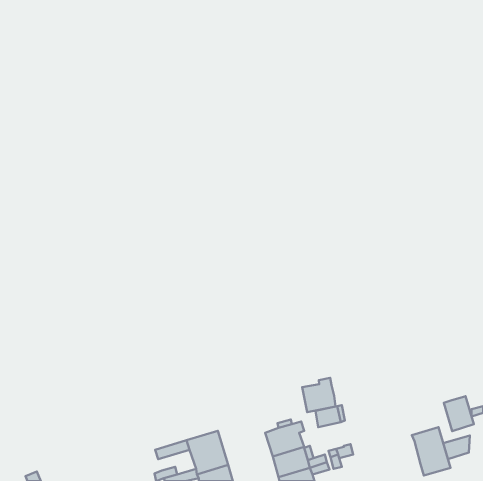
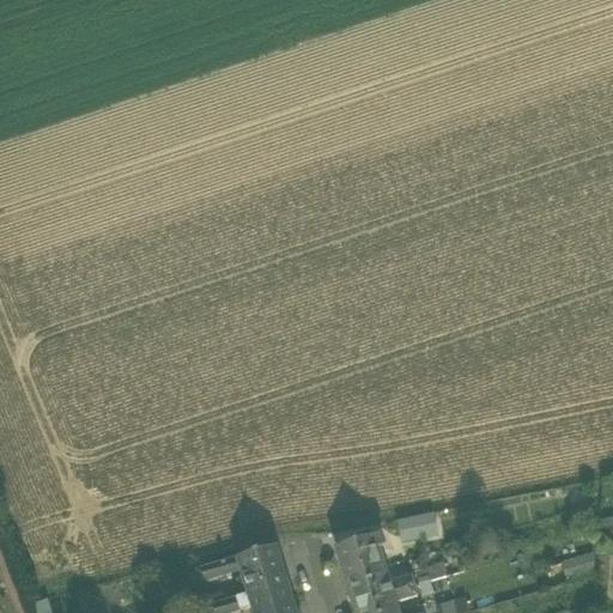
building: [302,378,336,412] -> none
building: [444,396,474,431] -> none
building: [412,427,450,476] -> none

